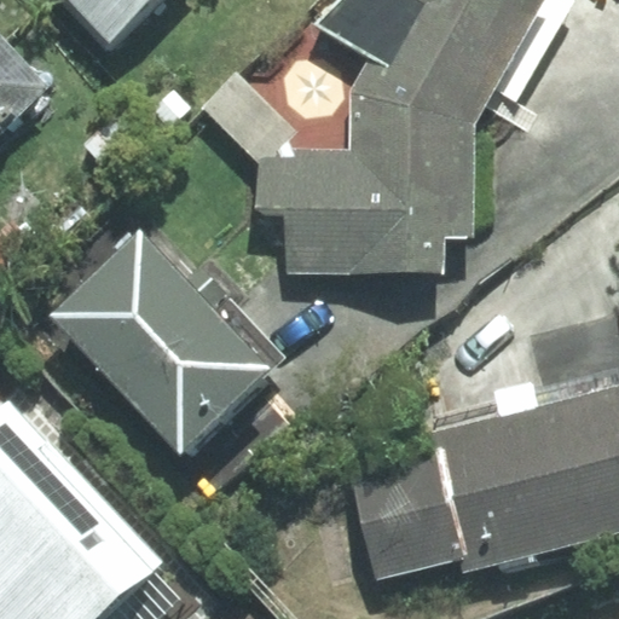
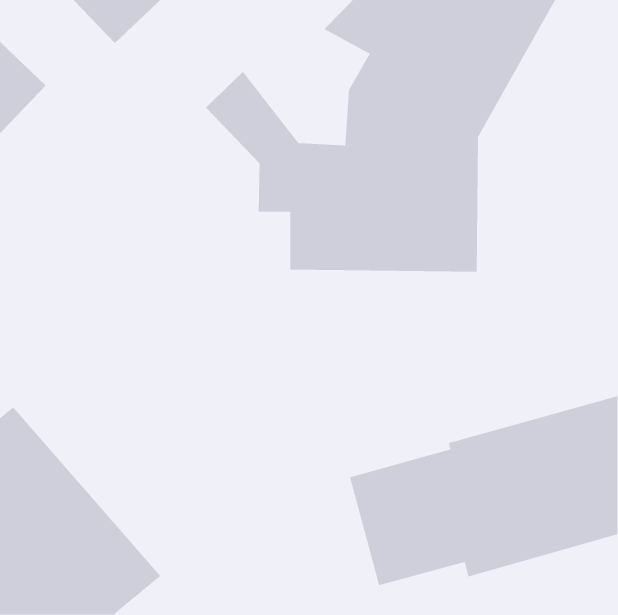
building: [54,236,273,456] -> none

